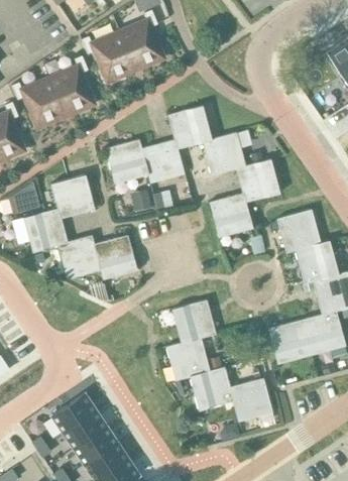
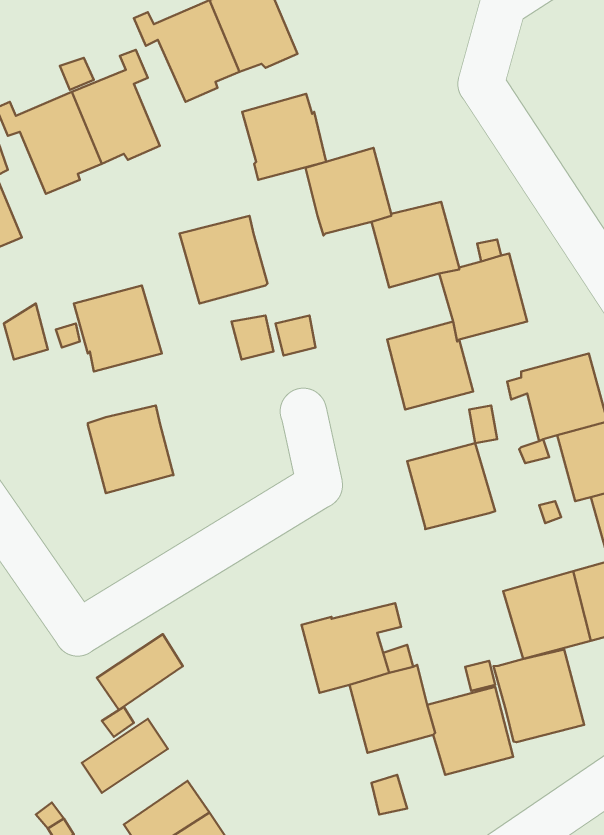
building: [141,139,184,183] -> [242,94,326,180]
building: [23,208,67,252] -> none
building: [94,235,136,278] -> none
building: [171,299,216,343] -> [407,443,495,529]
building: none -> [494,650,584,742]
building: [65,408,108,447] -> [97,634,183,710]

